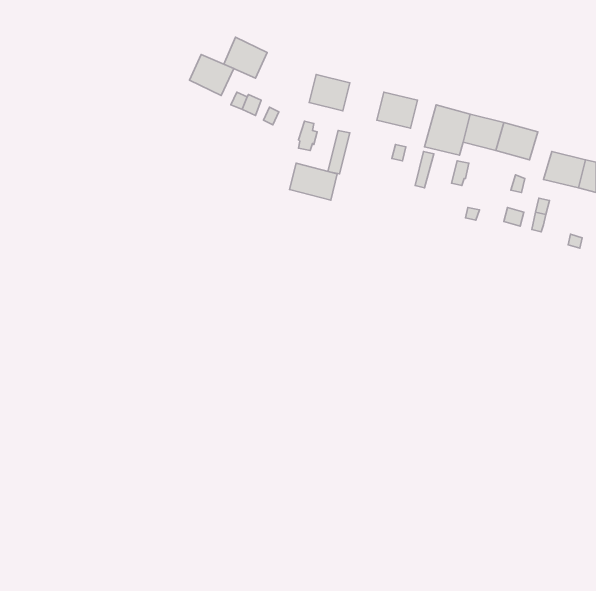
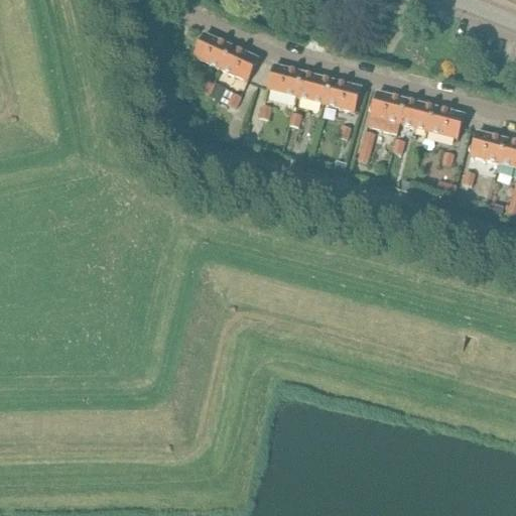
building: [190,55,234,95] -> [221,45,259,81]
building: none -> [296,72,332,104]
building: [290,163,337,200] -> none

